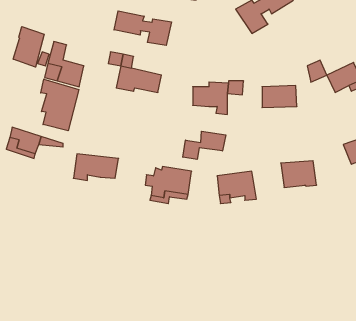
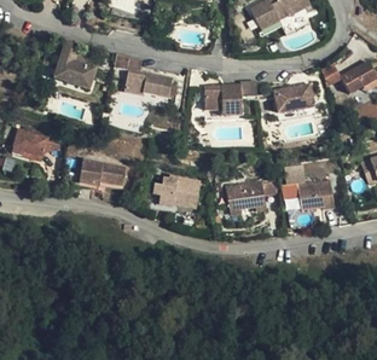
building: [114,11,171,45] -> none
building: [13,27,44,67] -> none
building: [41,79,79,131] -> none
building: [183,131,226,159] -> none

